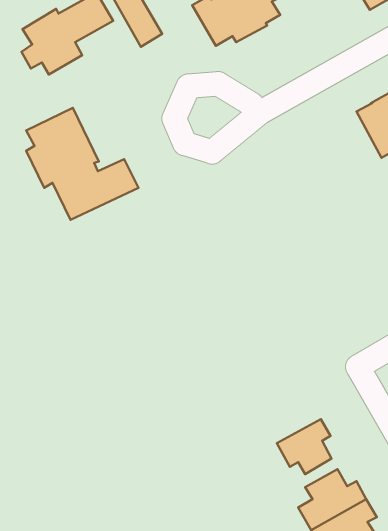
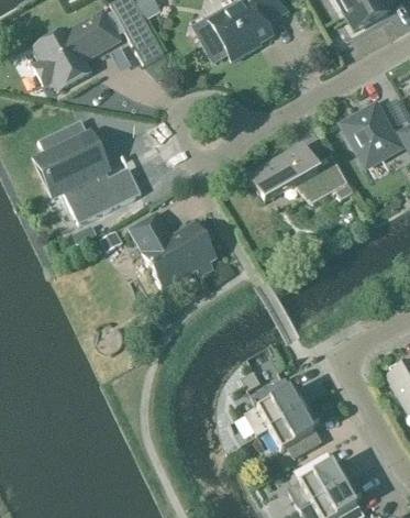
building: none -> [250,145,354,203]
building: none -> [130,212,217,289]
building: none -> [244,378,310,437]

